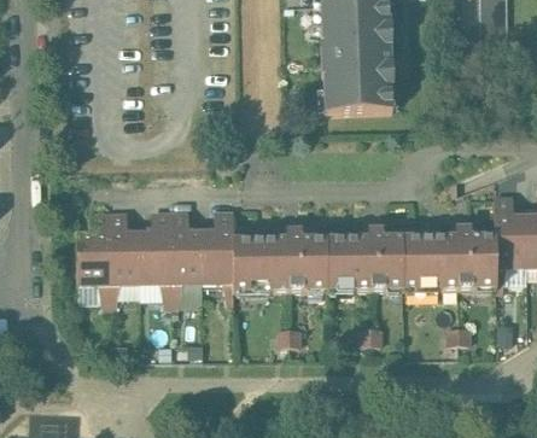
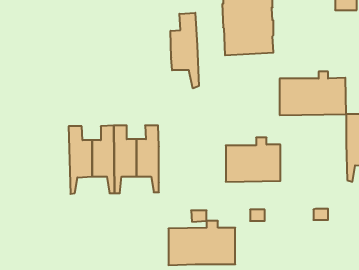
building: none -> [171,13,199,88]
building: [77,211,111,305] -> none
building: [403,227,496,287] -> [280,72,346,115]
building: [234,228,327,290] -> [168,221,235,265]

